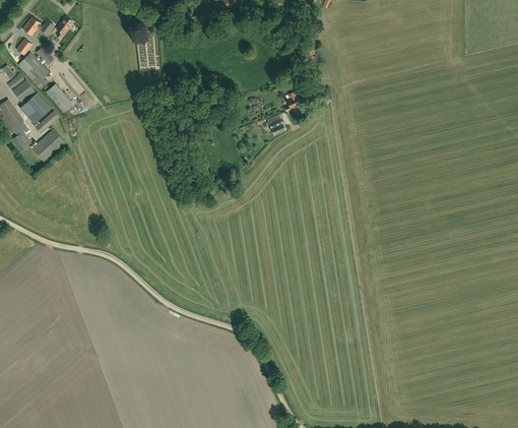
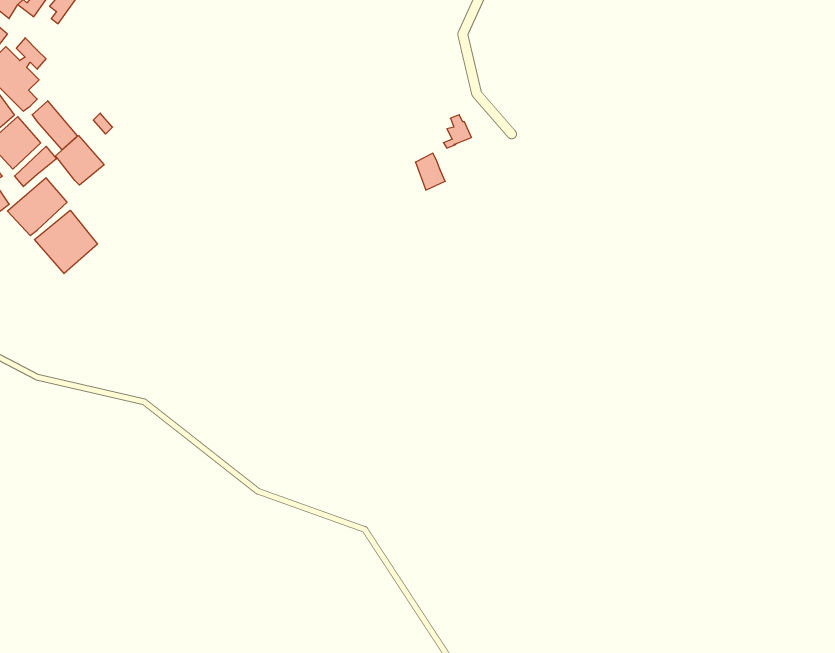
building: none -> [55,136,104,185]
building: none -> [35,210,97,274]

